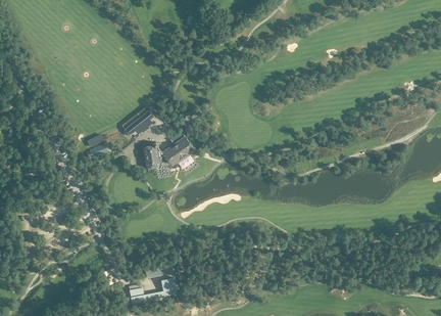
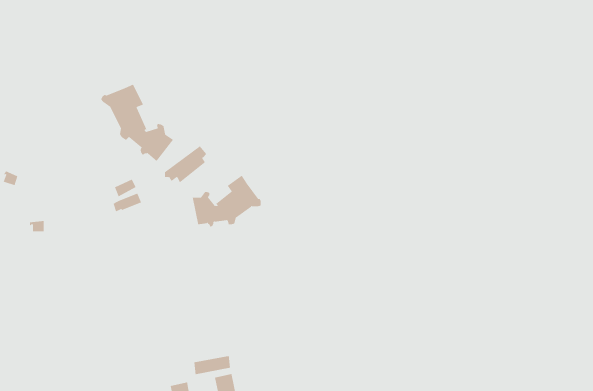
building: none -> [101,84,174,162]

